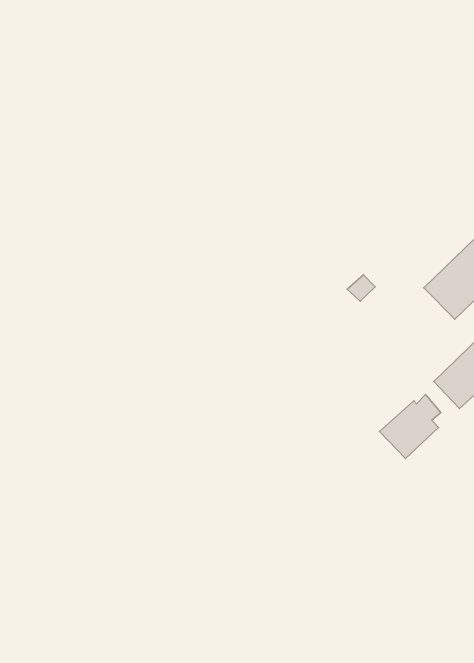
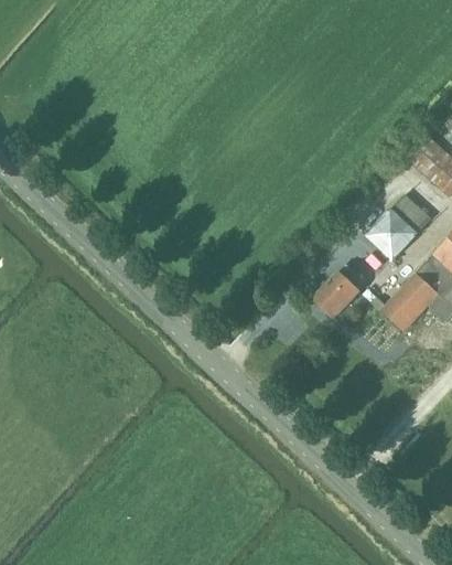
building: [380,395,441,459] -> [311,266,358,318]

